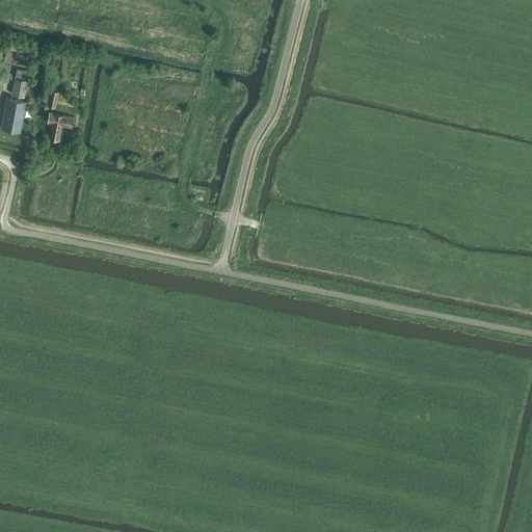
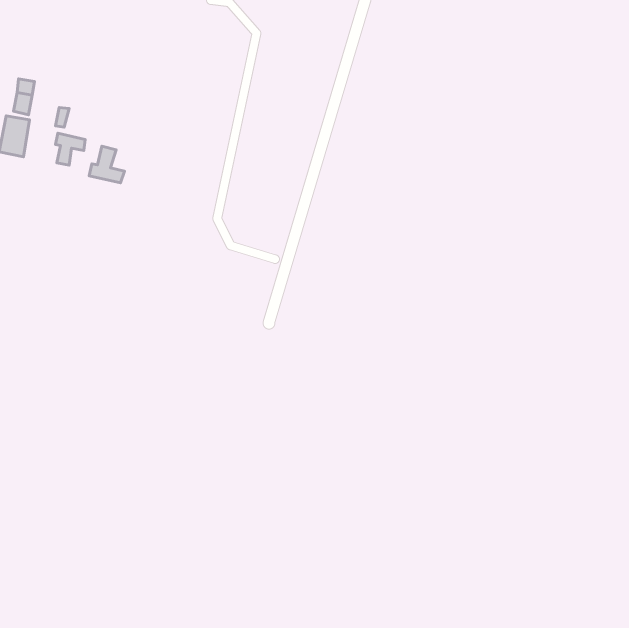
building: none -> [89,146,125,183]

